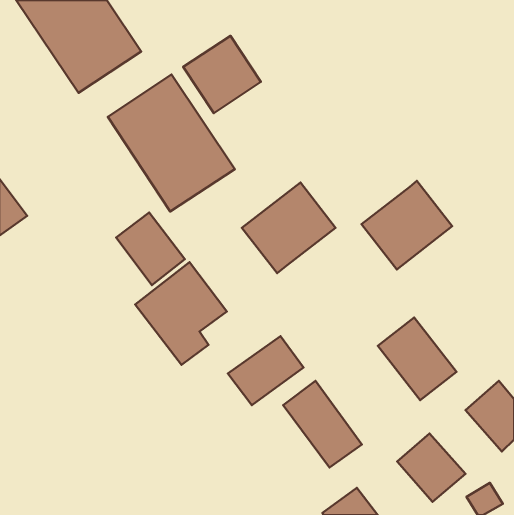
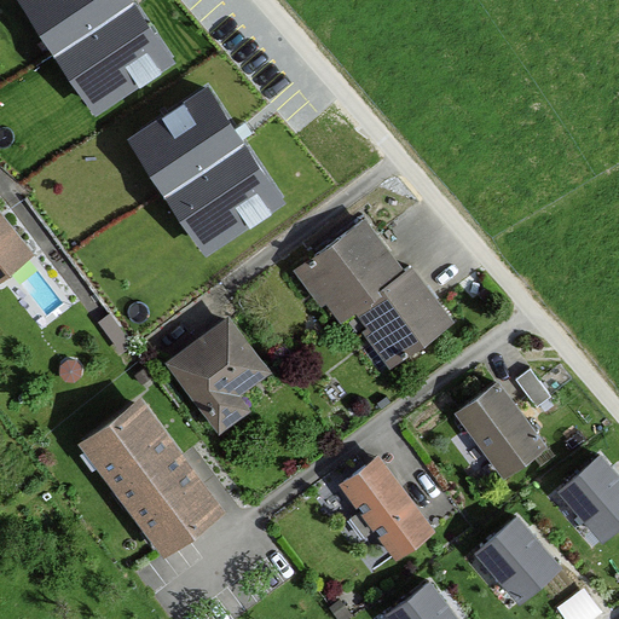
building: [183,36,261,113] -> none
building: [361,181,452,270] -> [345,266,453,372]
building: [116,213,185,285] -> none
building: none -> [80,397,222,553]
building: [228,336,304,405] -> none

